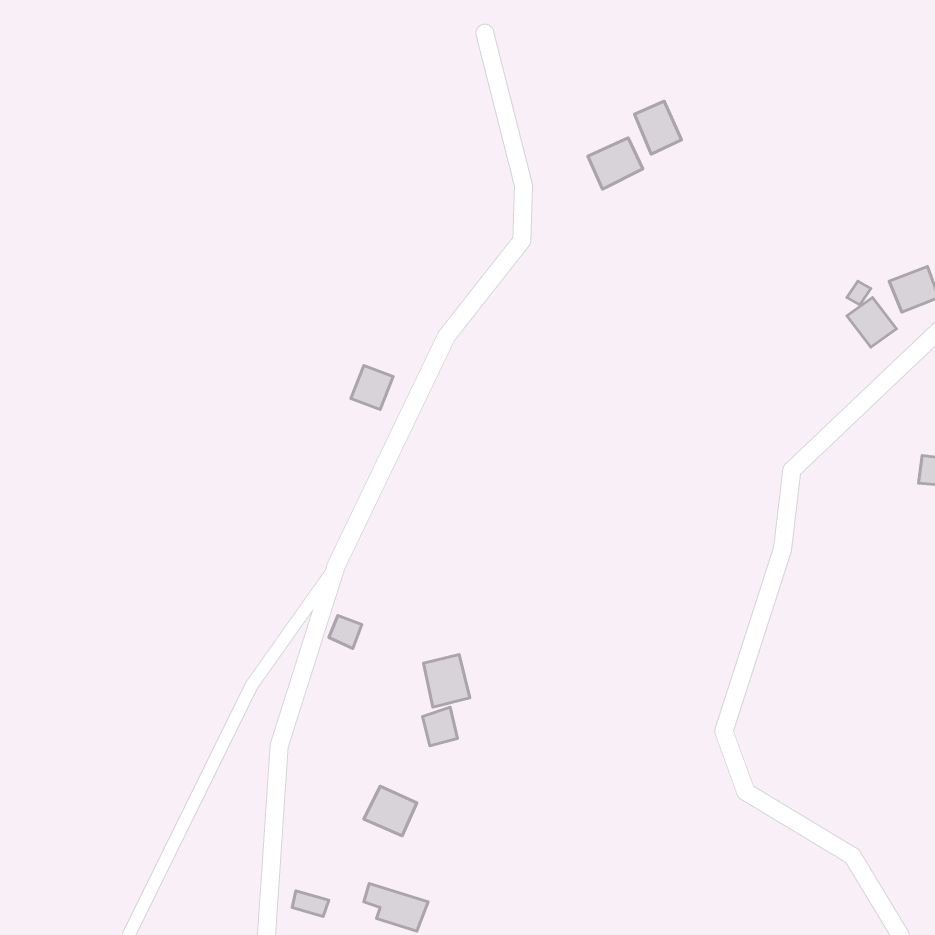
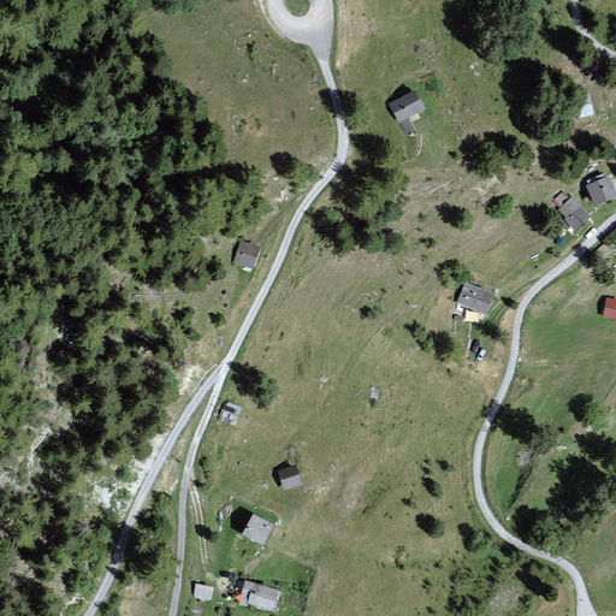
building: [635,101,682,154] -> none
building: none -> [457,282,496,313]
building: [423,655,470,707] -> none

